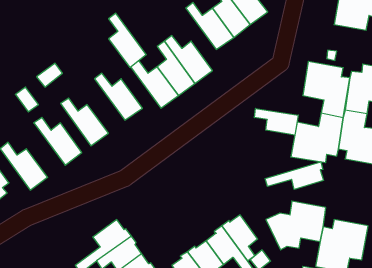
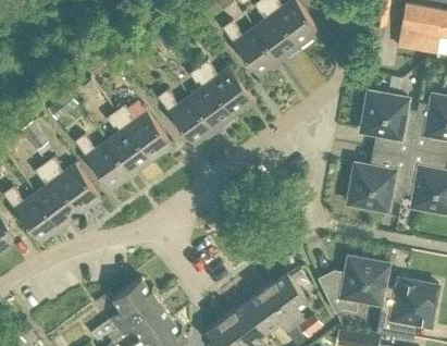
building: [109,13,146,67] -> [105,112,150,176]
building: [254,108,298,135] -> none
building: none -> [34,164,79,228]
building: [265,162,324,189] -> none

